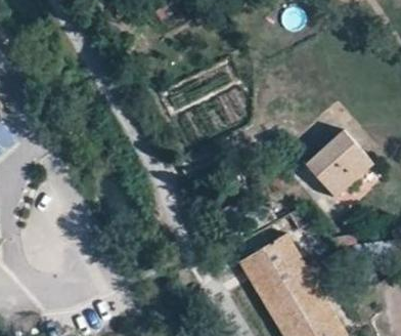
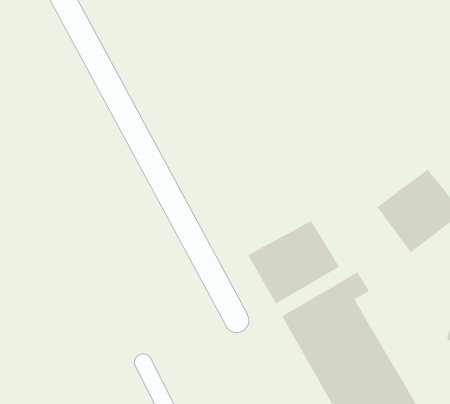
building: none -> [247,220,340,305]

